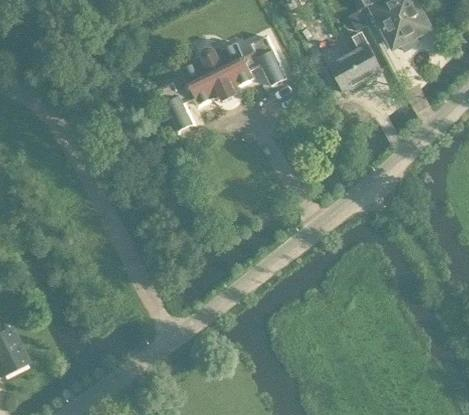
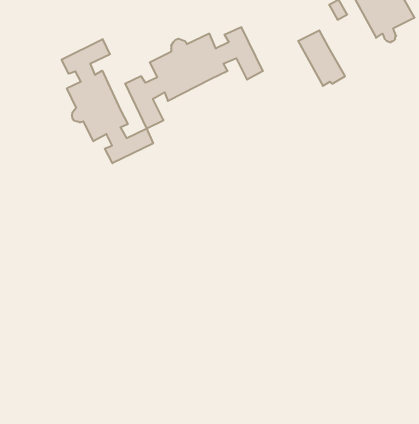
building: [348,32,382,82] -> none
building: none -> [62,39,153,163]

